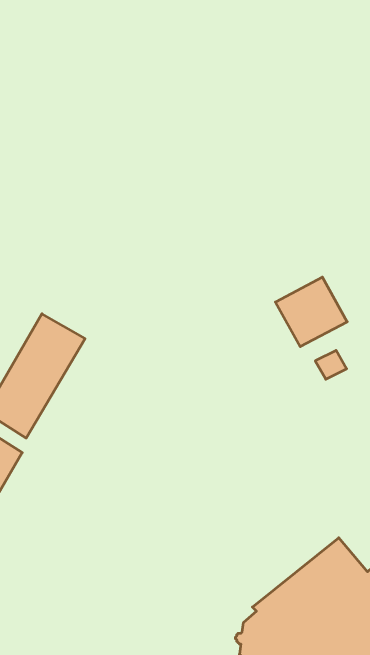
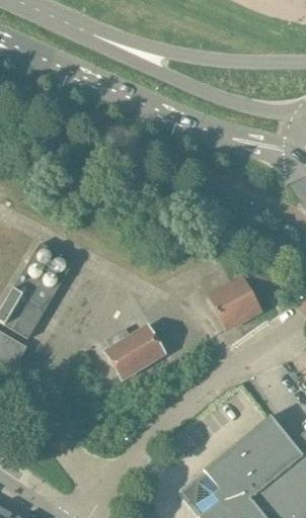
building: [275,277,347,347] -> [209,278,264,332]
building: none -> [104,329,162,380]

